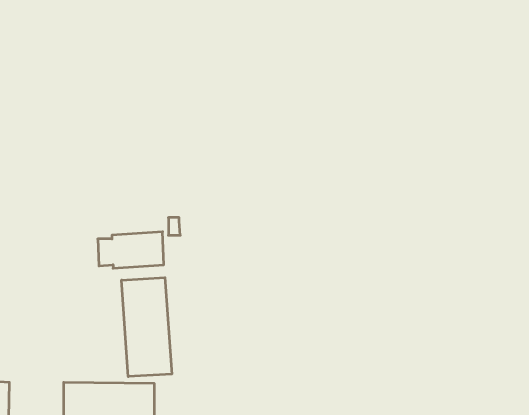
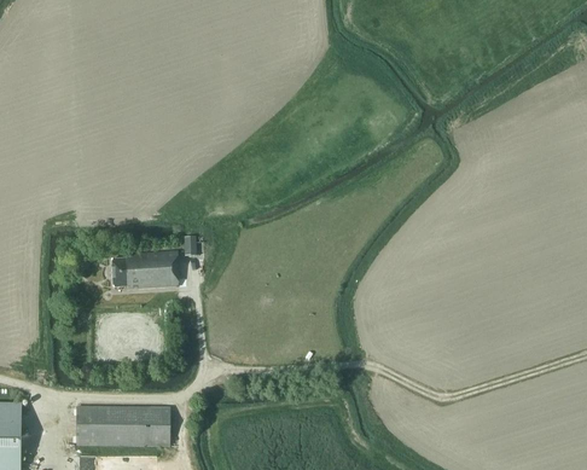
building: [122,278,172,377] -> none

